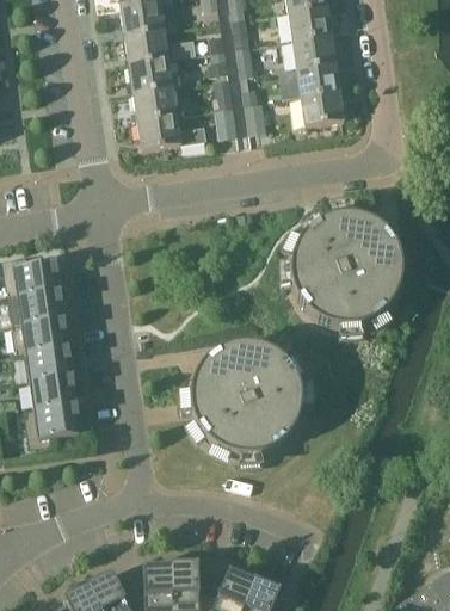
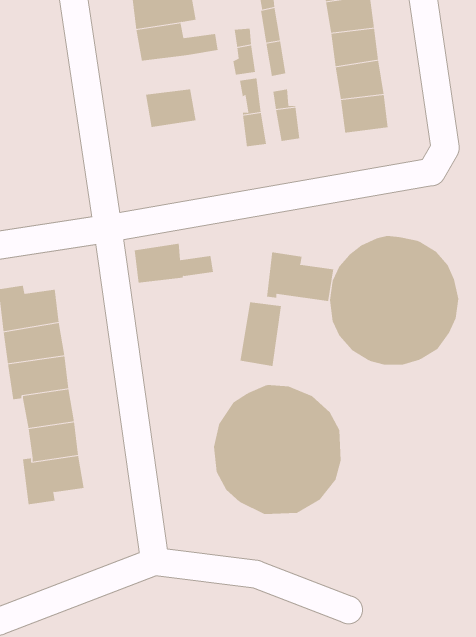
building: [129,60,179,93] -> none
building: [137,116,206,150] -> [134,243,214,283]
building: none -> [266,252,334,302]
building: none -> [240,301,282,367]

